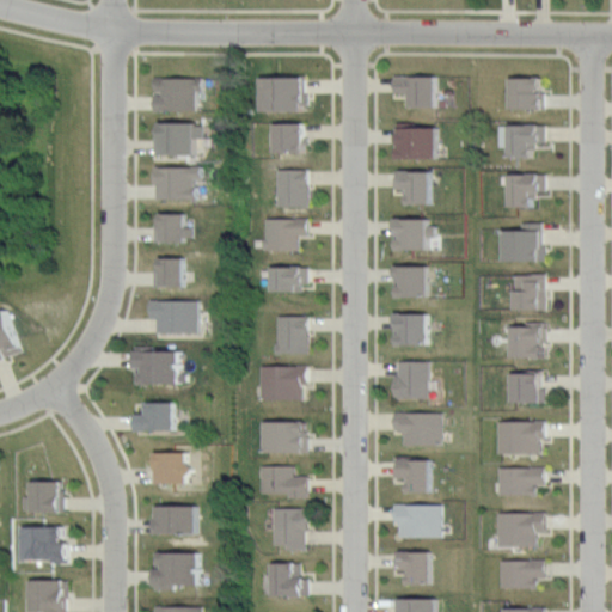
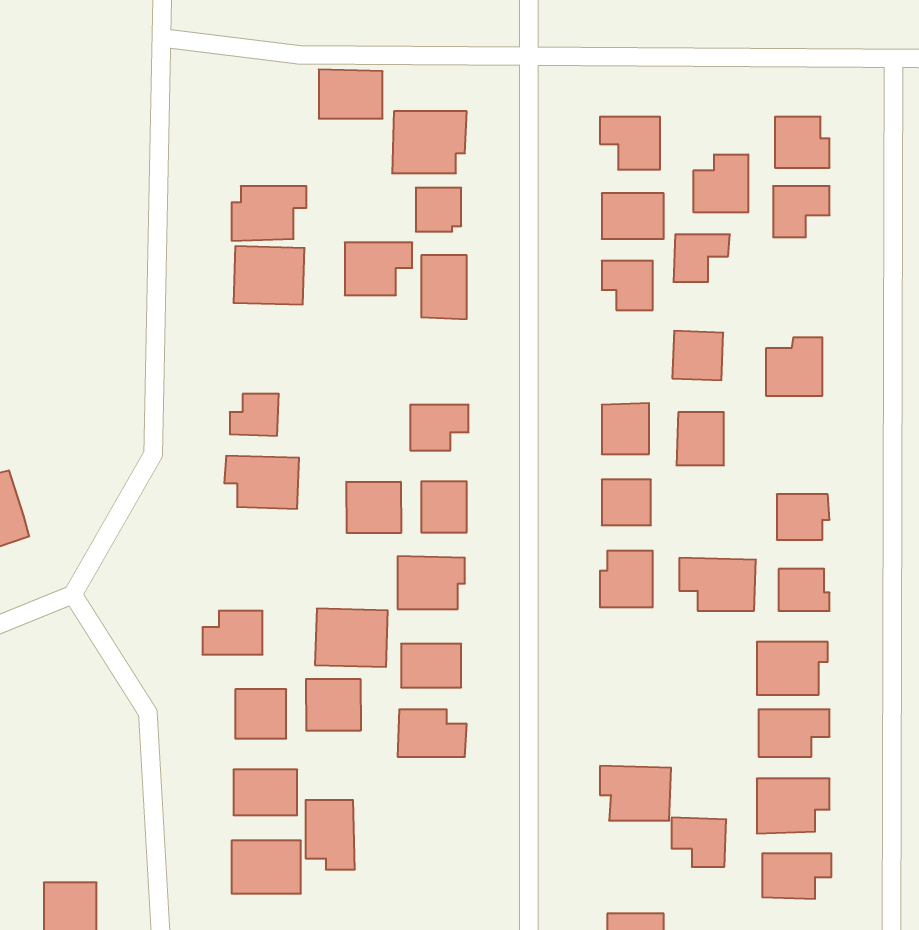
building: [153,76,195,109] -> [319,69,383,119]
building: none -> [694,154,748,212]
building: [506,175,543,206] -> [673,234,730,282]
building: [152,214,191,243] -> none
building: [263,218,307,252] -> [345,242,412,295]
building: [393,219,427,251] -> [672,331,723,380]
building: [512,274,543,308] -> [676,412,724,465]
building: none -> [346,482,401,533]
building: [130,350,178,388] -> [315,609,388,667]
building: [391,410,441,445] -> [679,558,756,611]
building: none -> [306,679,361,731]
building: [394,458,429,492] -> none
building: [20,483,60,513] -> none
building: [273,507,305,552] -> [306,800,355,869]
building: [20,525,65,563] -> none
building: [393,551,429,583] -> [672,818,726,867]
building: [270,563,307,598] -> none

